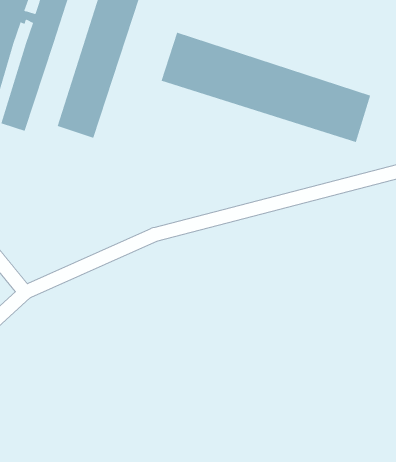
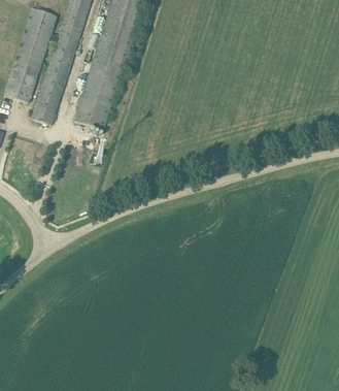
building: [161,32,371,143] -> none

